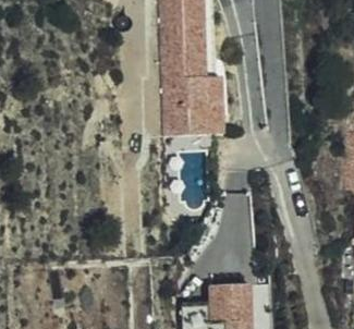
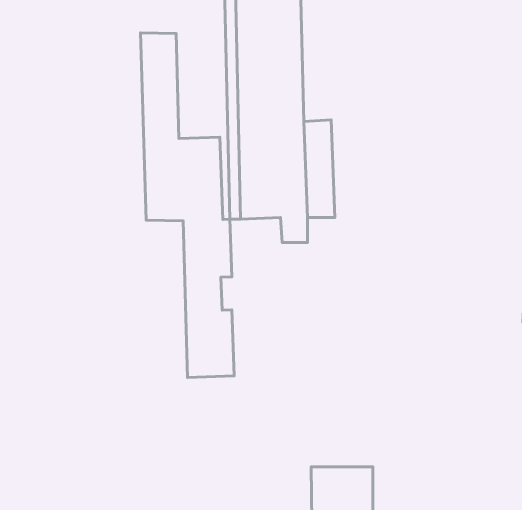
building: none -> [141,33,234,377]

